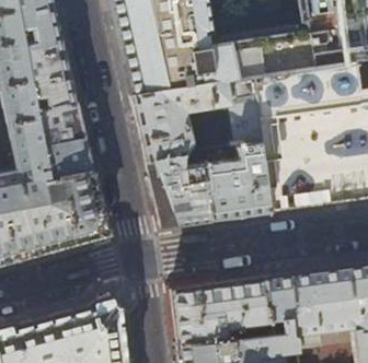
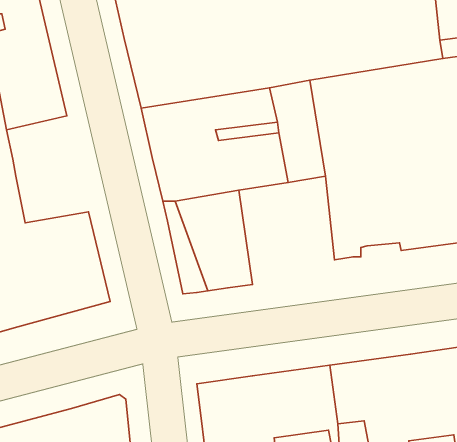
building: [36,103,94,178] -> none
building: [200,145,271,222] -> none

